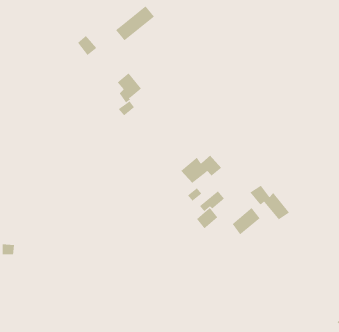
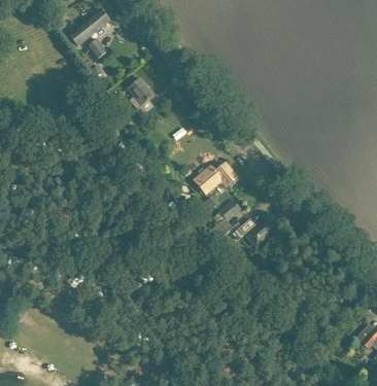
building: [115,6,155,41] -> [69,8,110,45]
building: [250,185,290,220] -> none

